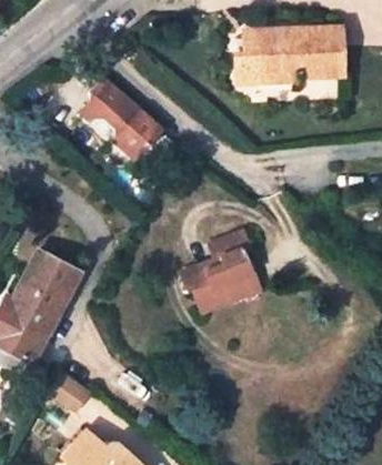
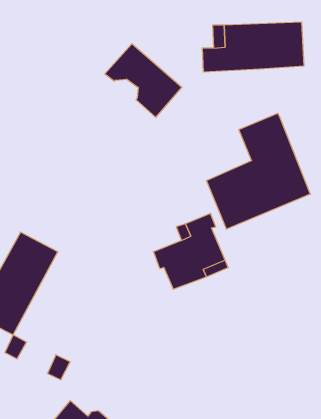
building: [80,81,162,160] -> [105,44,182,118]
building: none -> [206,113,310,229]

